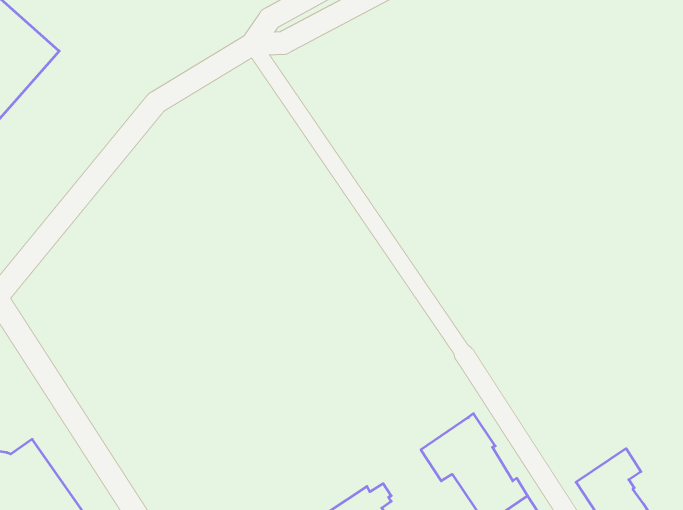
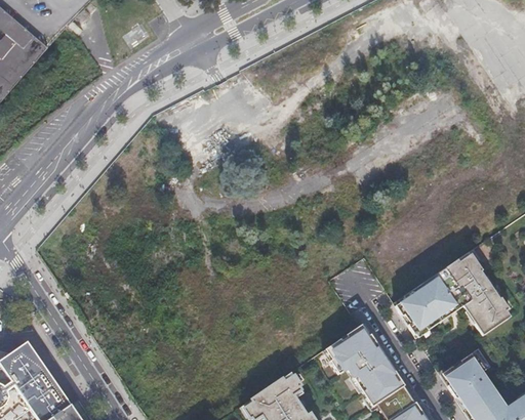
building: none -> [396,253,511,335]

